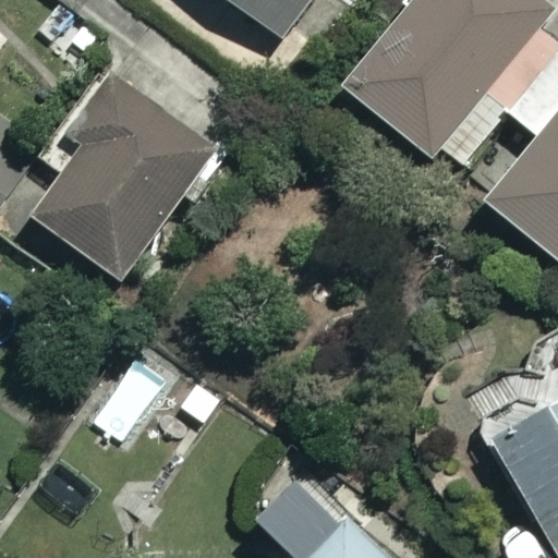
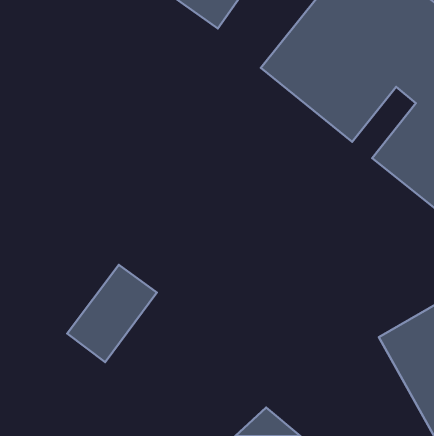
building: [31,81,214,277] -> none

